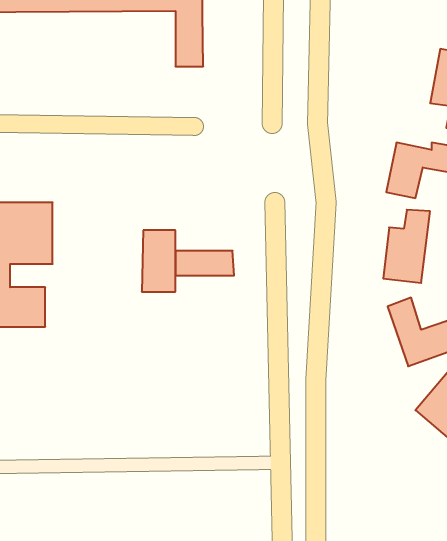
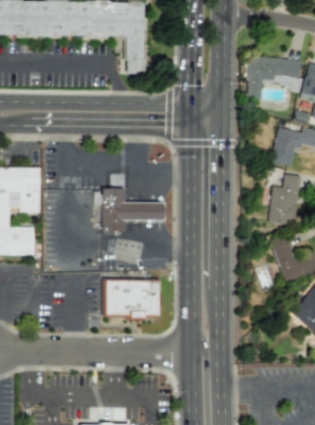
building: none -> [247,57,301,99]
building: none -> [103,277,161,321]

